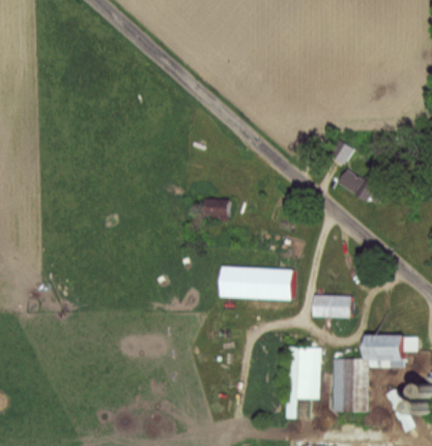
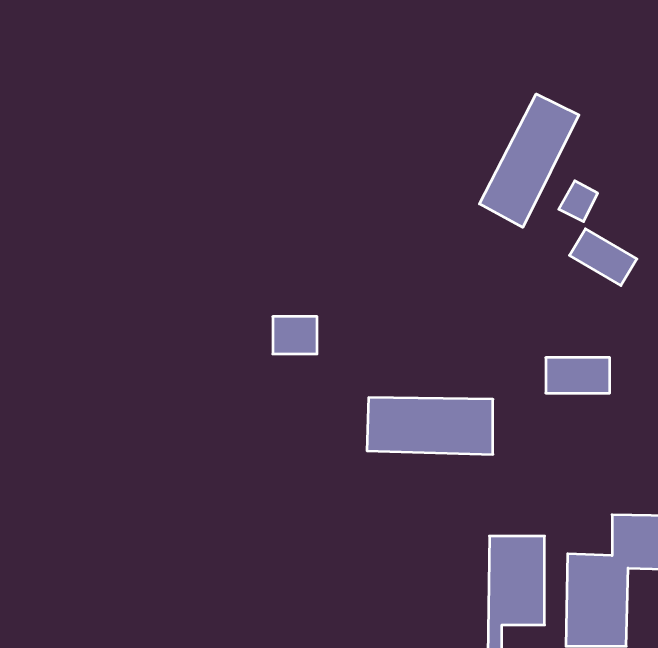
building: none -> [479,94,579,227]
building: [201,198,227,219] -> [273,317,317,354]
building: [312,295,349,316] -> [546,358,610,393]

